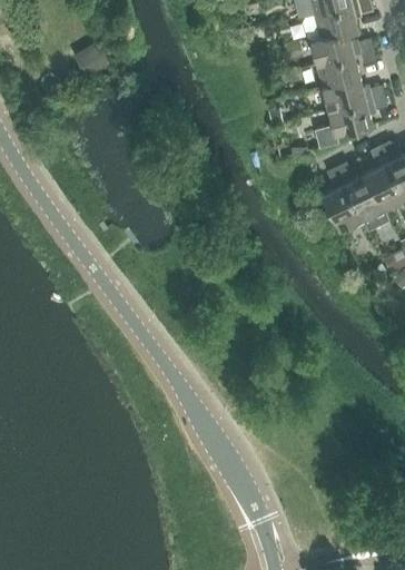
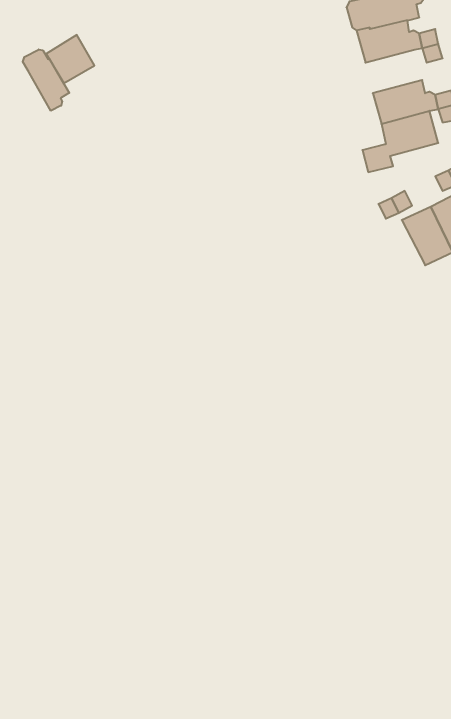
building: none -> [23,49,69,111]
building: [317,55,360,88] -> none
building: [323,185,363,230] -> none

